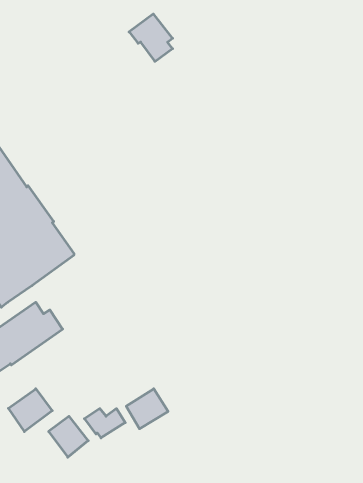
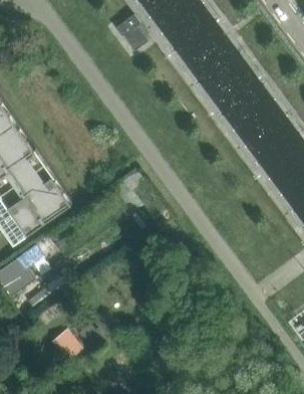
building: [8,389,52,432] -> none
building: [126,389,168,429] -> none

